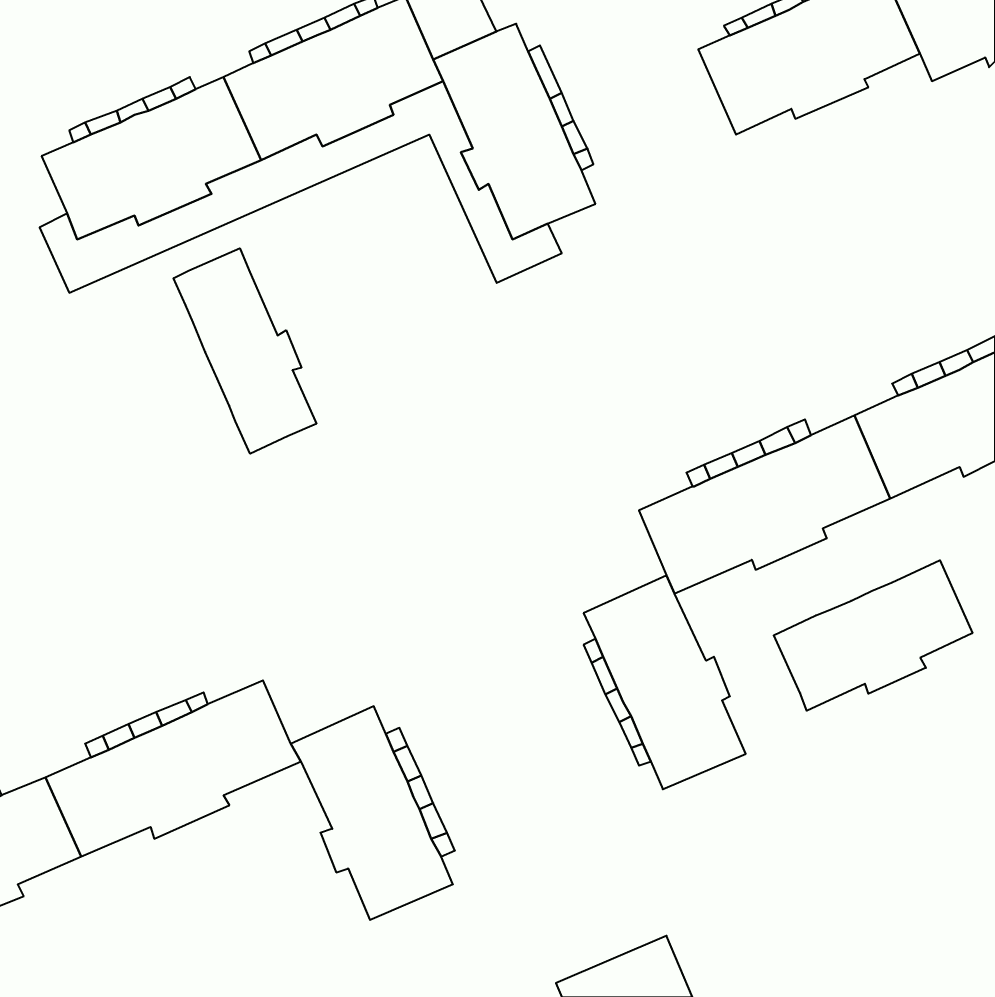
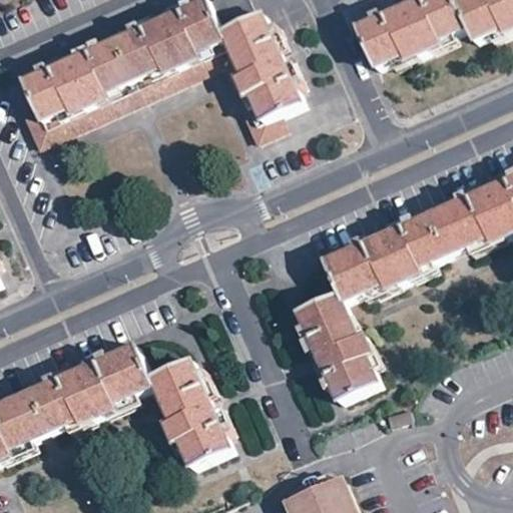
building: [174,248,316,454] -> none
building: [774,560,972,711] -> none

